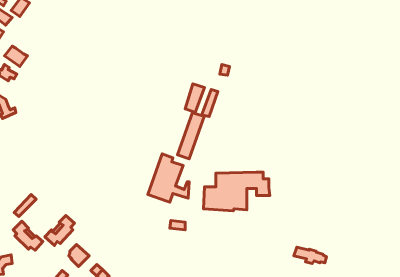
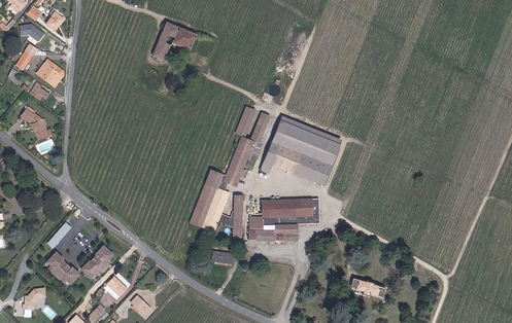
building: none -> [150,23,195,61]
building: none -> [265,117,343,185]

